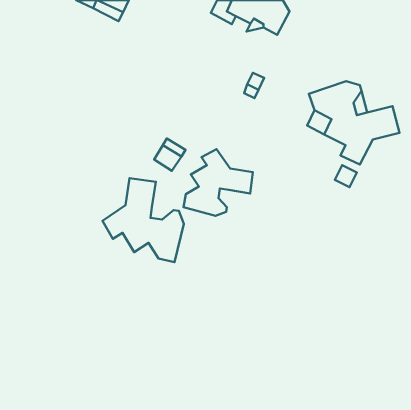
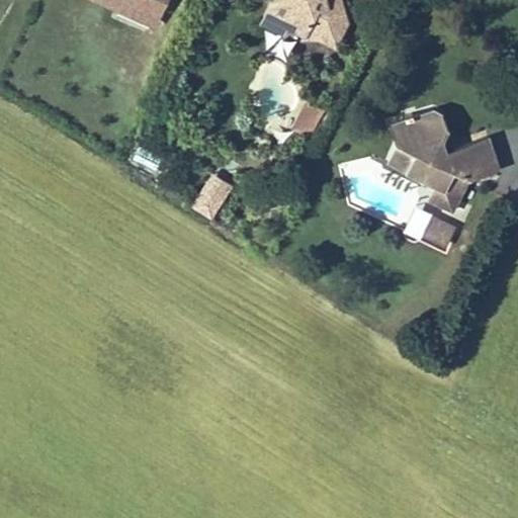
building: [183,149,253,216] -> none
building: [102,178,184,262] -> none

